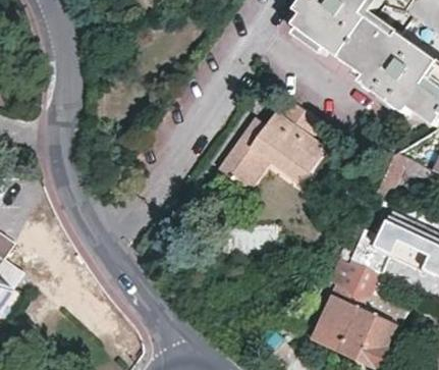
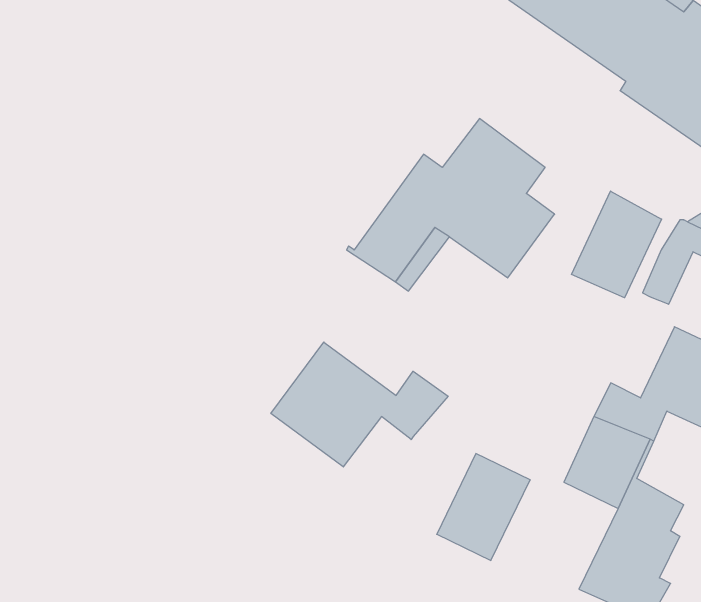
building: none -> [572,191,662,298]
building: none -> [271,342,448,467]
building: [309,294,360,352] -> [437,454,530,560]

